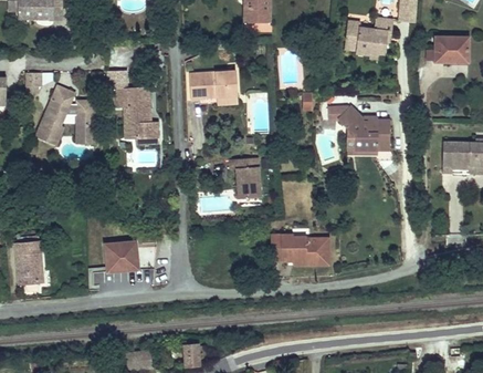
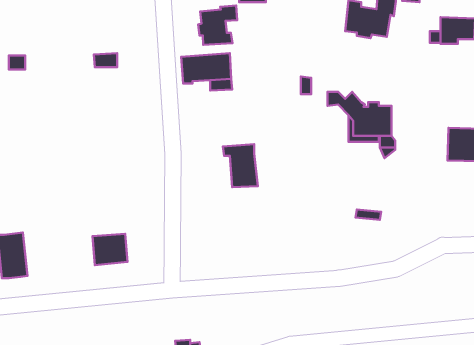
building: none -> [198,5,237,45]
building: [36,85,94,144] -> none
building: [117,86,158,137] -> none
building: [271,234,329,265] -> none

